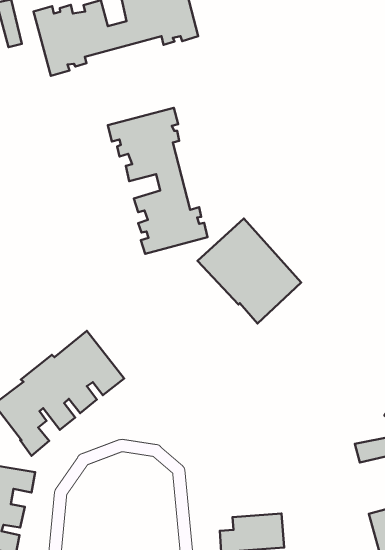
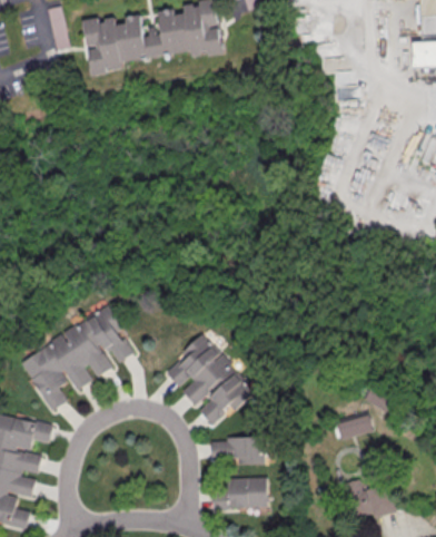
building: [108,108,207,254] -> none
building: [198,218,301,323] -> [162,333,252,427]
building: none -> [211,437,266,465]

